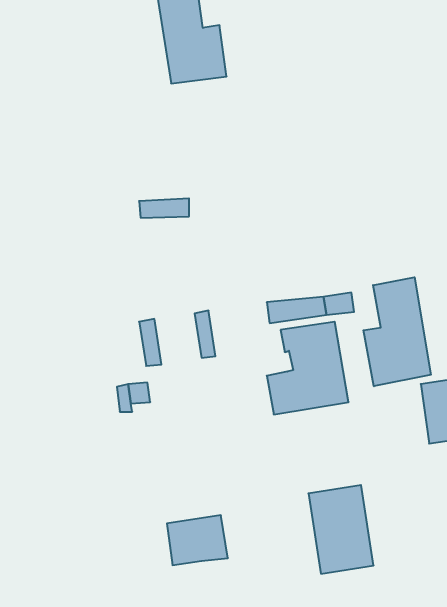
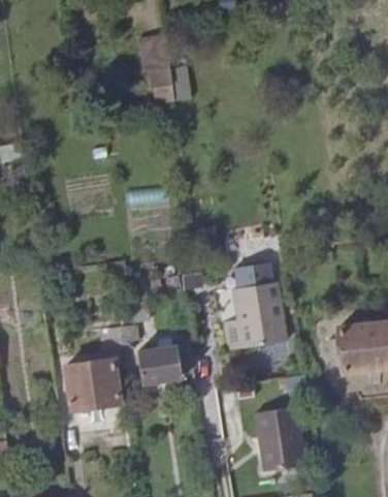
building: [363,277,431,386] -> none
building: none -> [65,360,119,409]
building: [167,515,228,565] -> [137,346,183,383]

